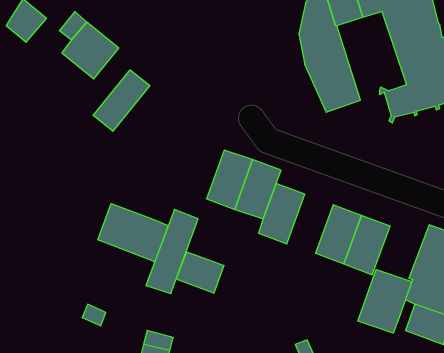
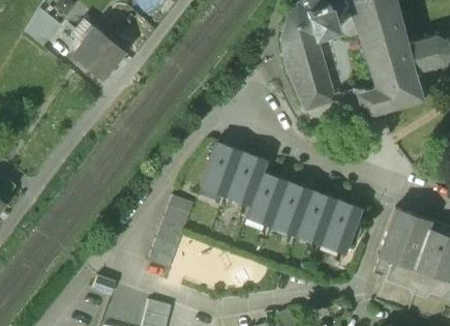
building: [93,70,150,131] -> none
building: none -> [272,181,312,233]
building: [98,204,168,262] -> none
building: [176,252,224,293] -> none
building: [358,270,412,333] -> none

